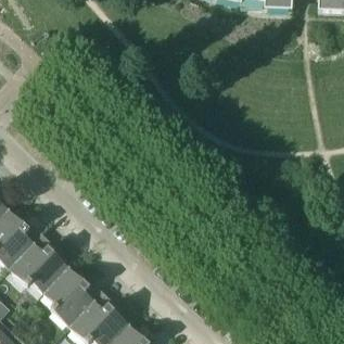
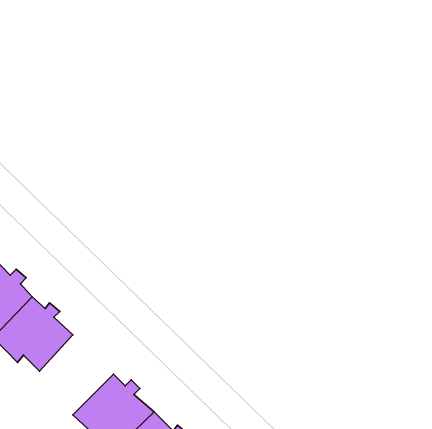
building: [44,266,100,326] -> none

